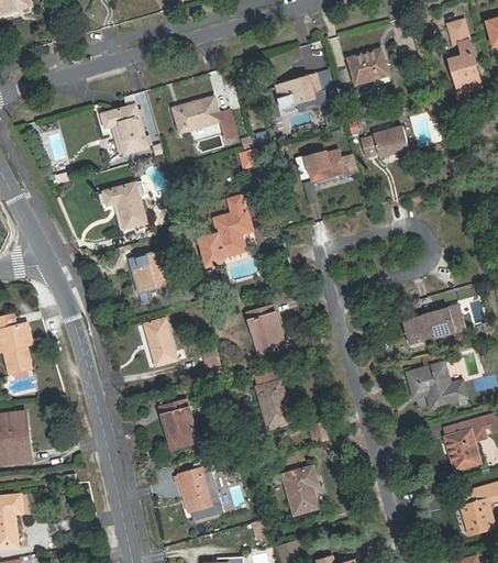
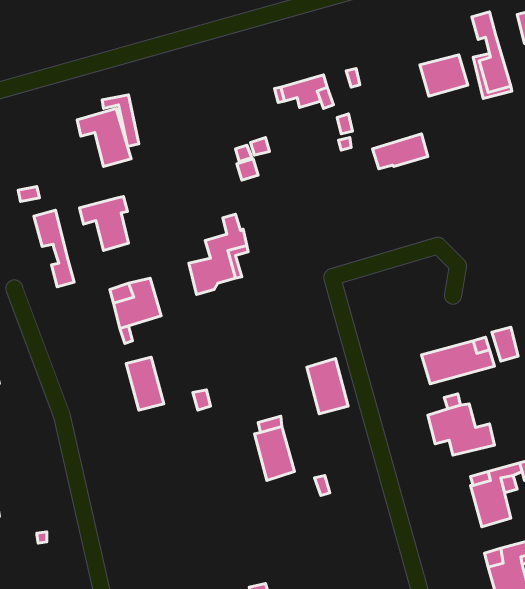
building: [346,48,388,85] -> [420,55,468,96]
building: [171,96,235,137] -> none
building: [295,150,356,180] -> none
building: none -> [34,210,74,287]
building: [246,305,283,353] -> [307,358,348,414]
building: [162,401,196,449] -> none
building: [281,466,317,516] -> none
building: [177,470,219,515] -> none

